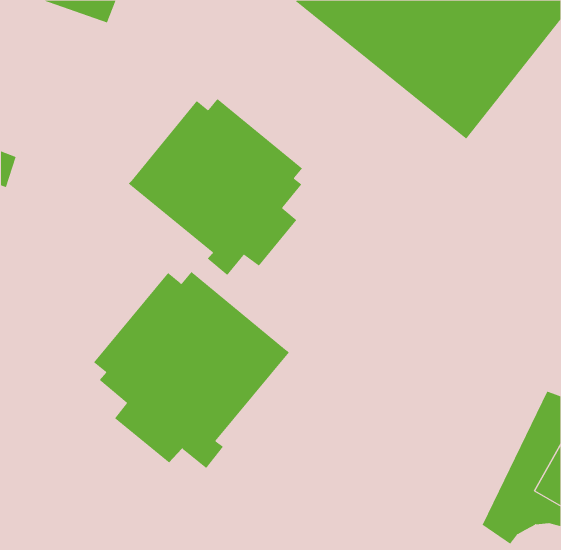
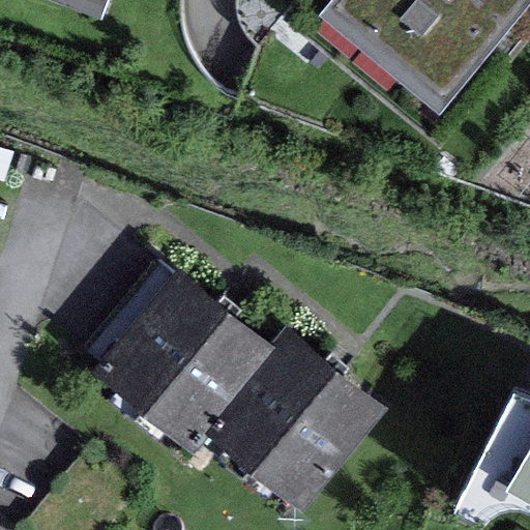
building: [128,98,303,276] -> none
building: none -> [204,320,389,508]

